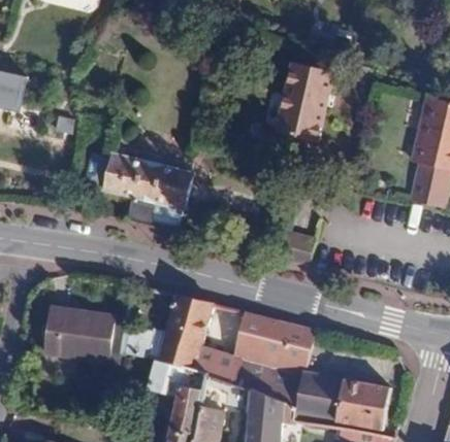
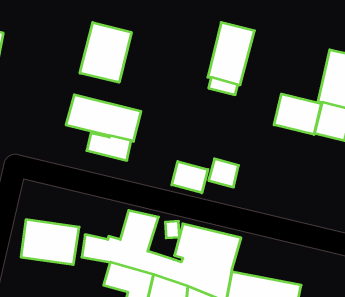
building: none -> [80,22,131,82]
building: none -> [274,94,321,135]
building: none -> [172,161,208,193]

